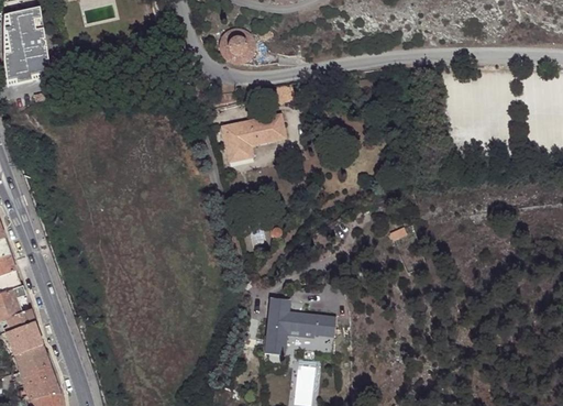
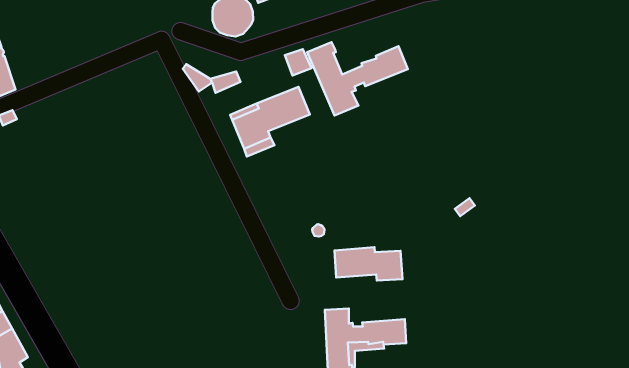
building: none -> [307,42,408,116]
building: none -> [335,247,402,281]

